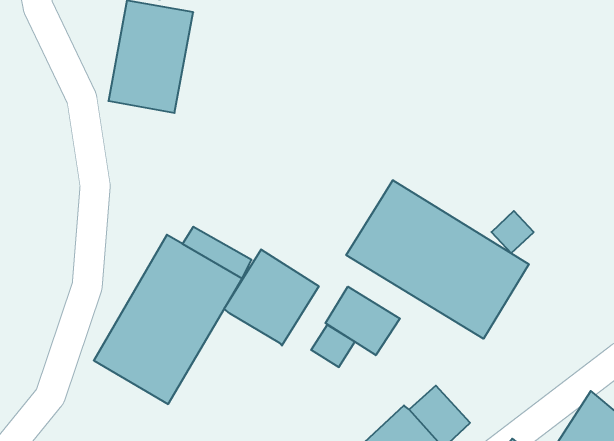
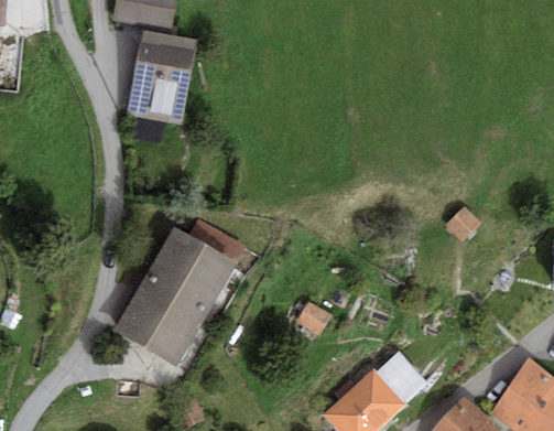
building: [346,180,529,339] -> none
building: [224,249,319,346] -> none
building: [325,287,400,355] -> none

